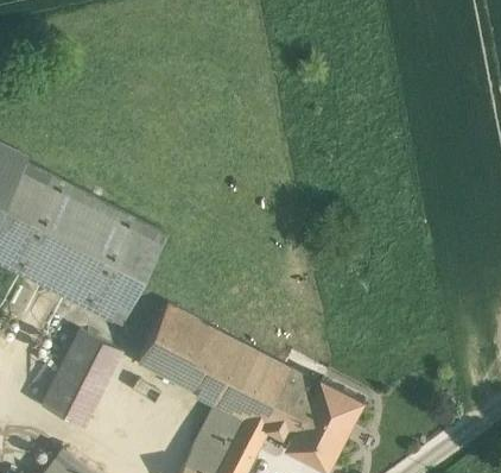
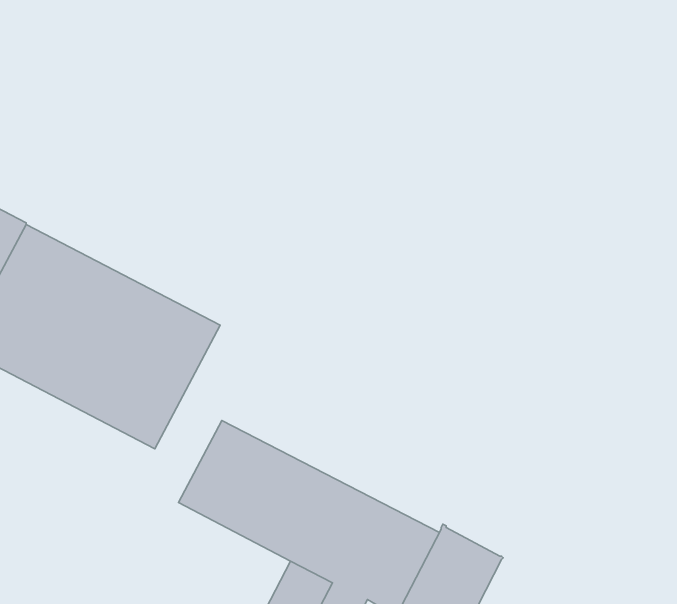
building: [40,330,123,428] -> none

